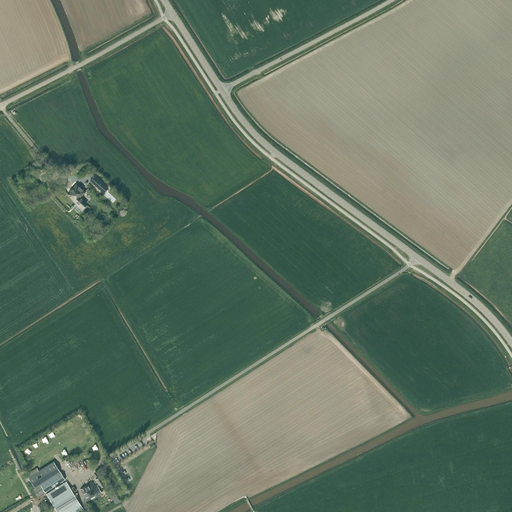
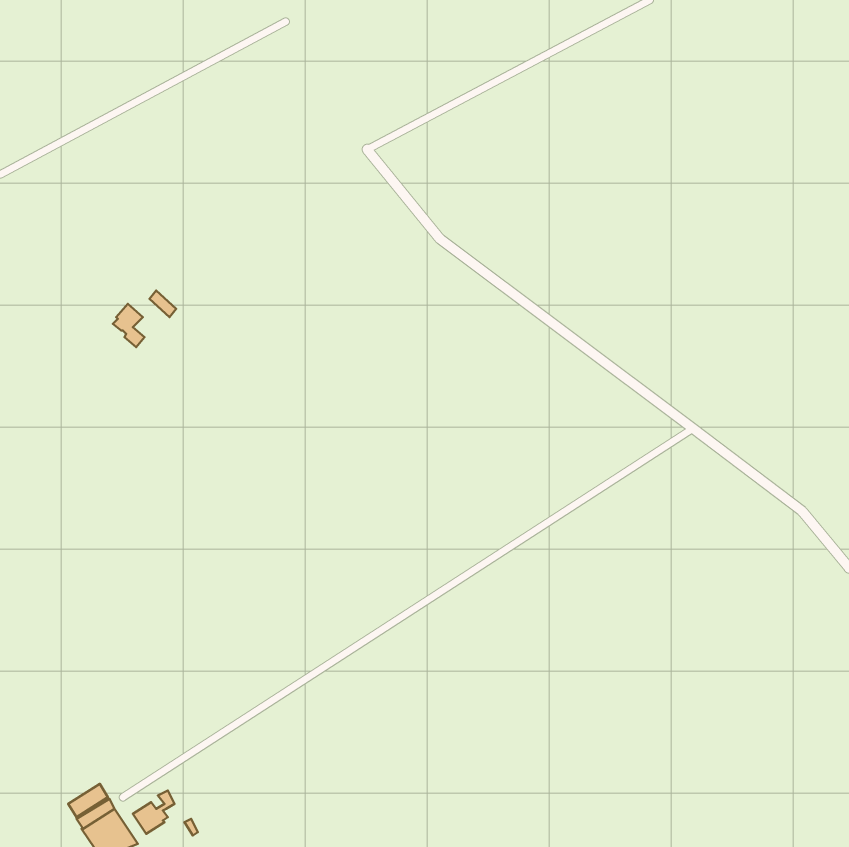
building: [24,462,60,488] -> none

